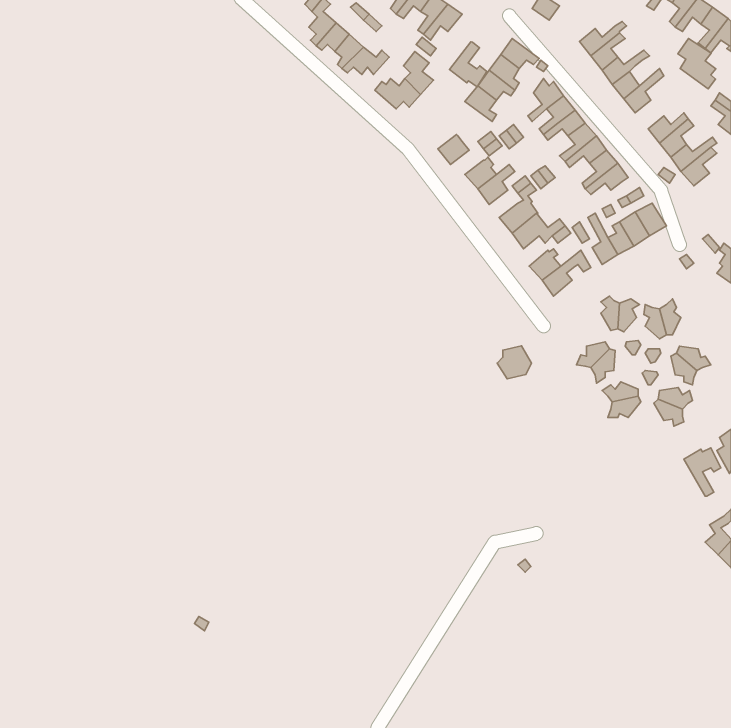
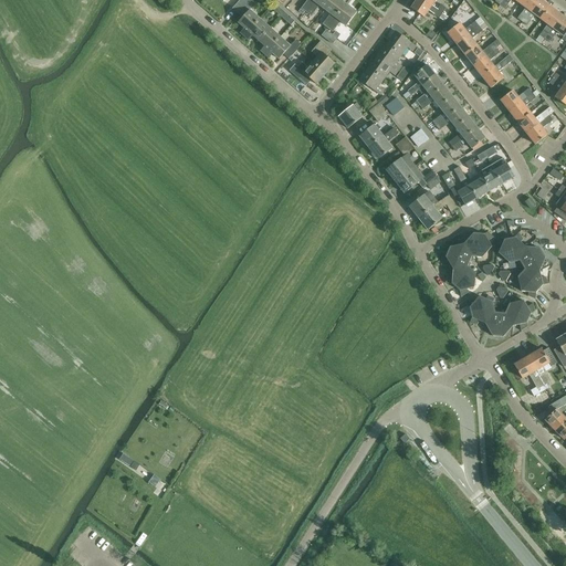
building: [678,39,716,89] -> none
building: [450,42,487,87] -> none
building: none -> [520,245,546,270]
building: [497,346,532,379] -> [446,242,472,268]
building: none -> [485,311,513,336]
building: none -> [514,355,548,396]

